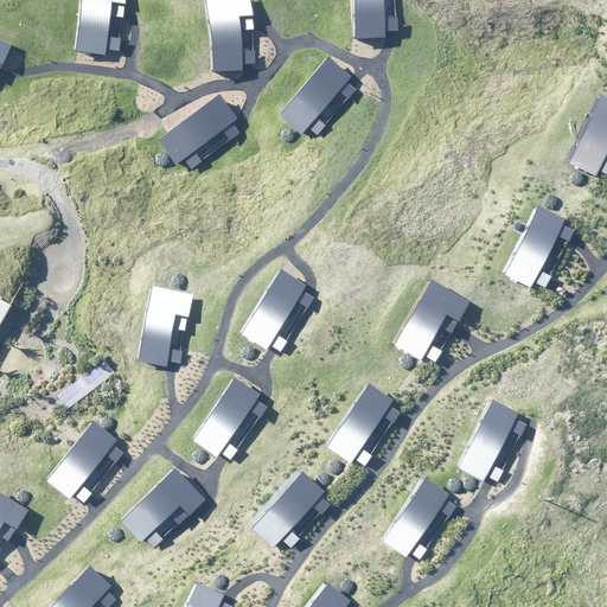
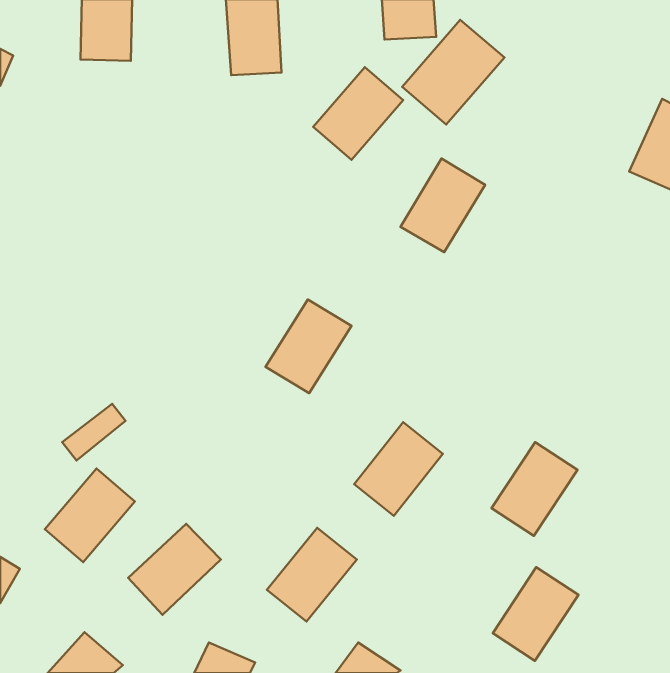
building: none -> [402,20,504,124]
building: [159,96,243,173] -> none
building: [503,204,574,287] -> none
building: [388,280,464,364] -> [401,158,485,252]
building: [138,287,193,364] -> none
building: [193,378,270,464] -> none
building: [379,474,456,558] -> [493,567,579,661]

